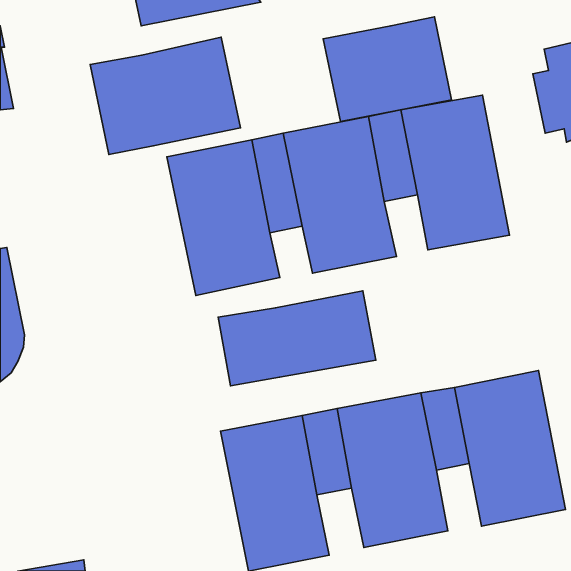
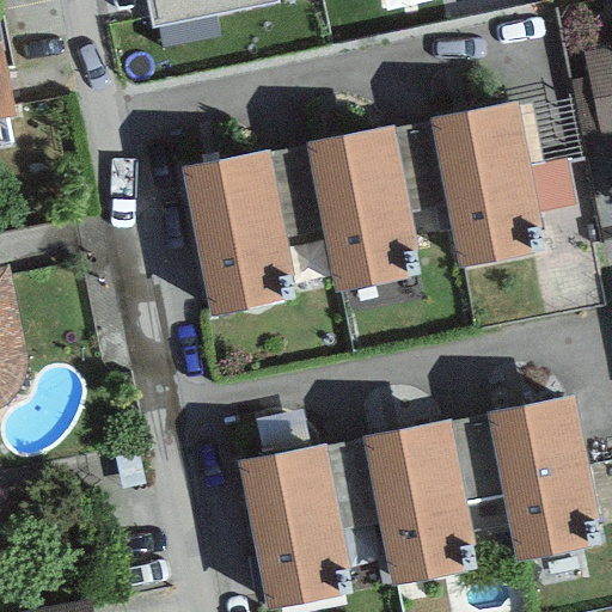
building: [323,17,452,122] -> none
building: [90,37,240,154] -> none
building: [218,291,376,386] -> none

